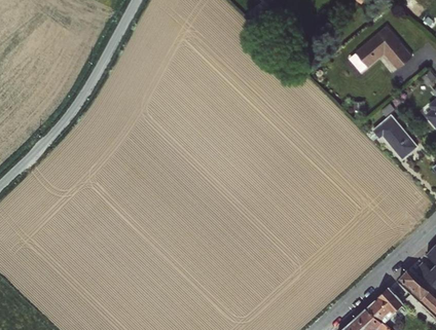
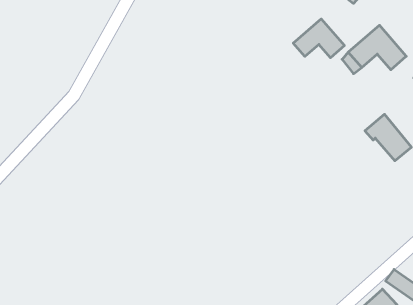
building: none -> [293,19,344,58]

